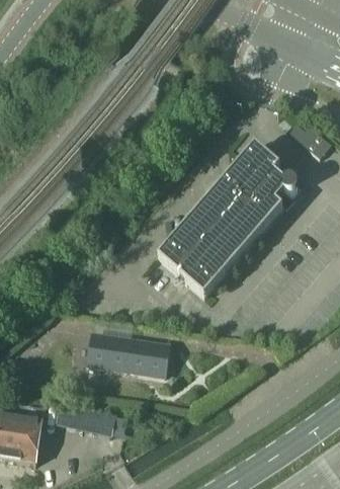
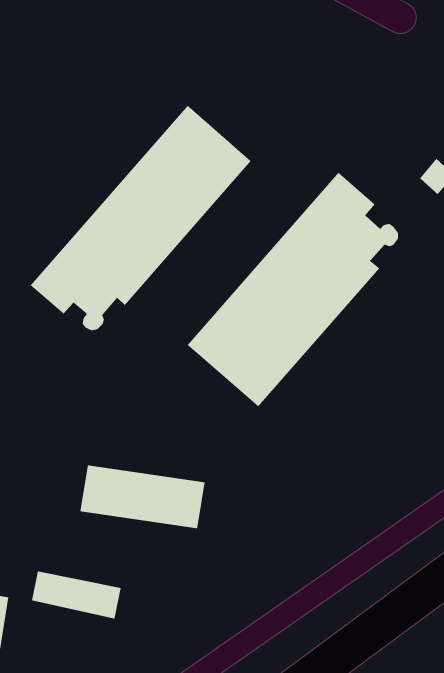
building: none -> [30,105,251,331]

